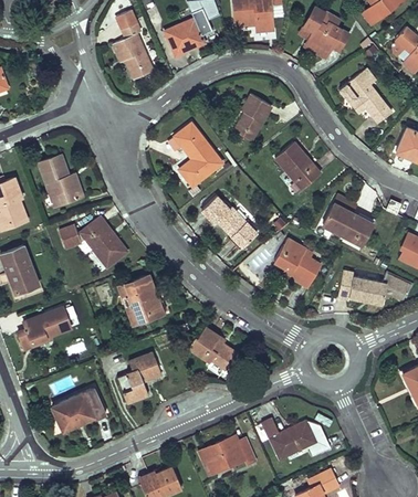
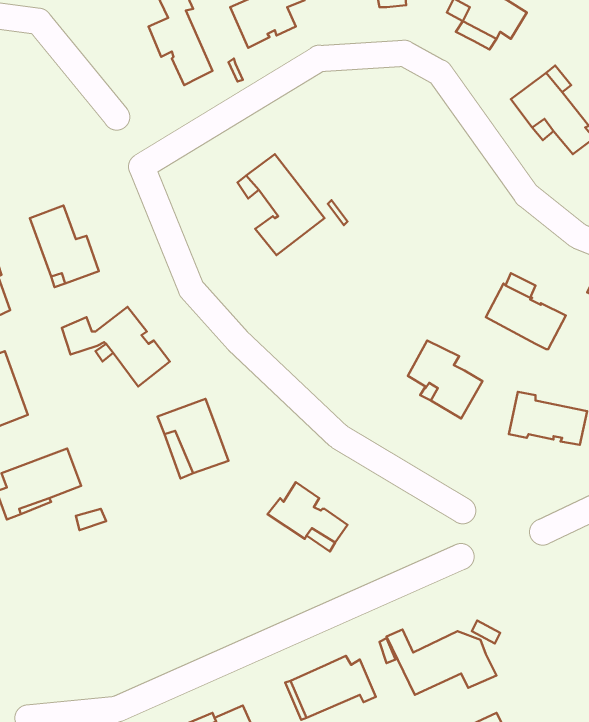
building: [233,94,271,140] -> none
building: [274,141,320,189] -> none
building: [201,195,257,247] -> none
building: [116,352,161,403] -> none
building: [52,392,94,431] -> none

